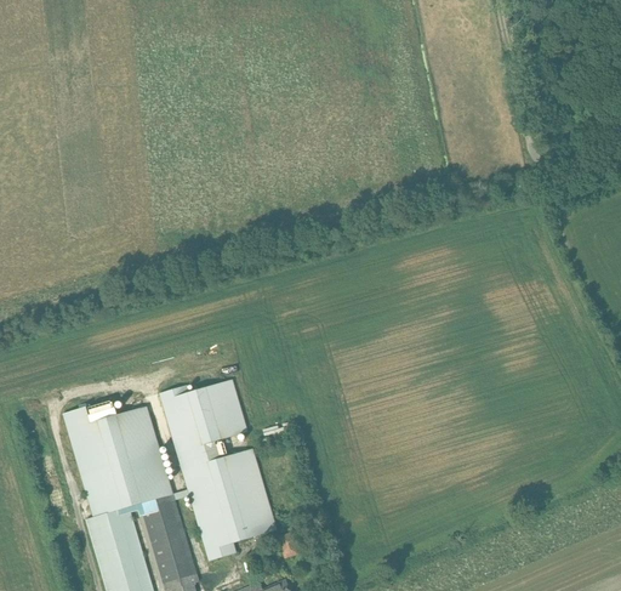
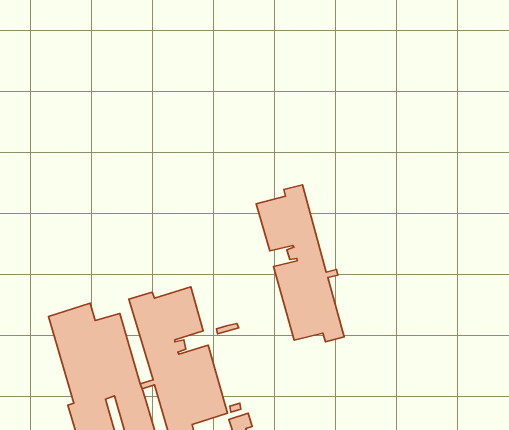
building: none -> [256,185,344,342]

